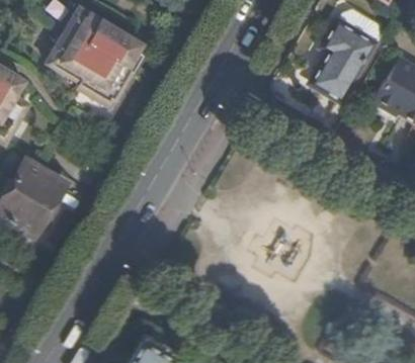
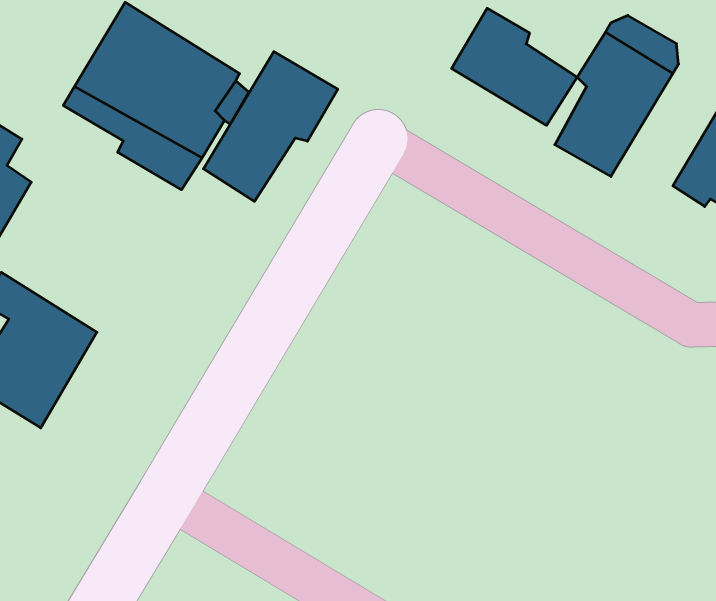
building: none -> [452,8,577,125]
building: none -> [203,52,338,201]

